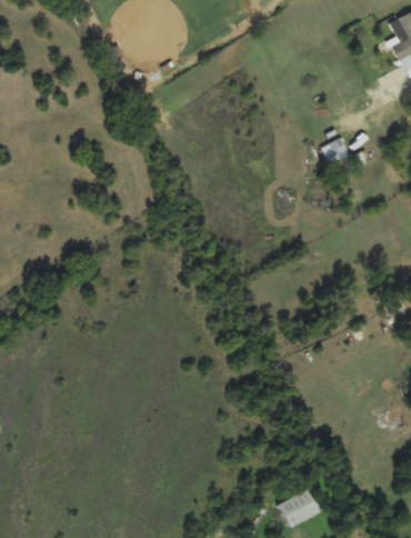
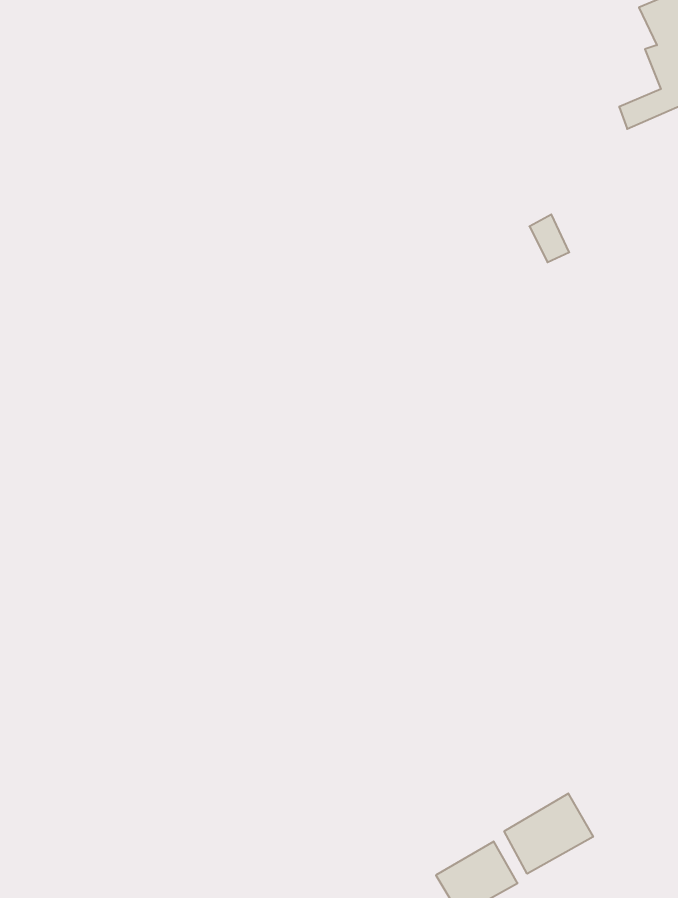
building: none -> [504,793,593,874]

